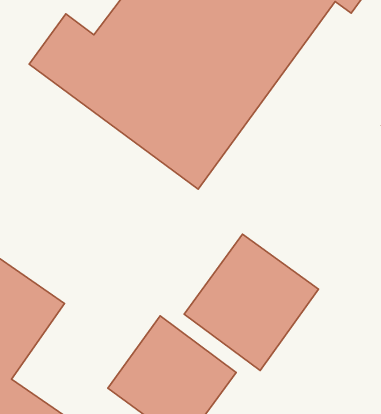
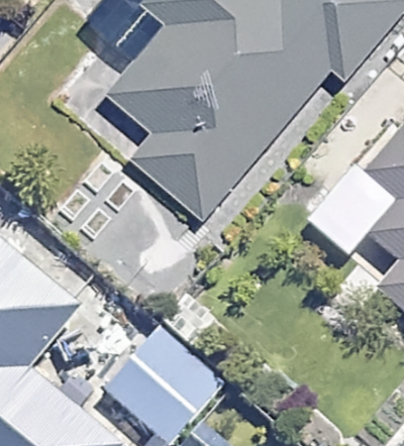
building: [184,234,318,370] -> none

